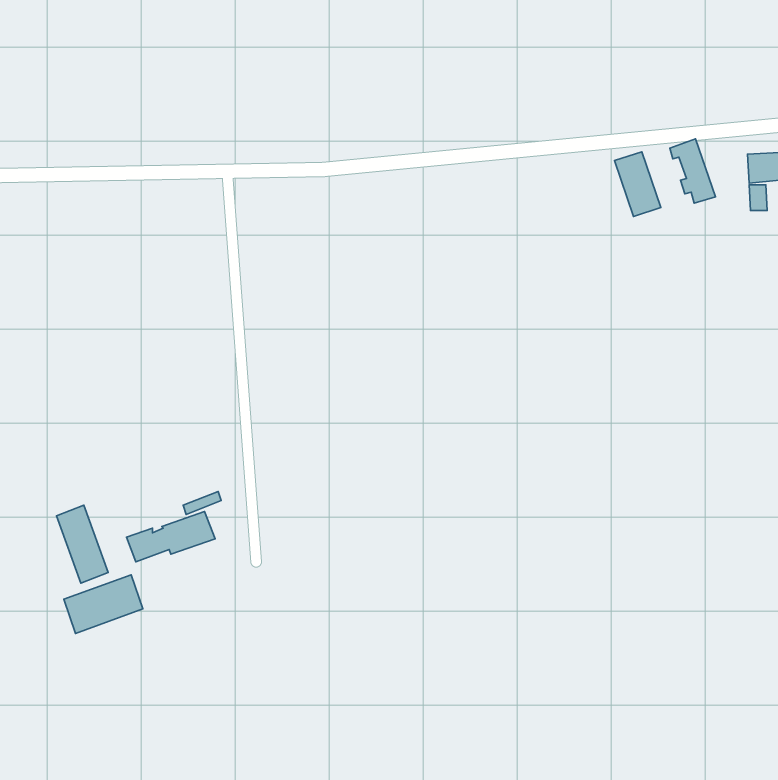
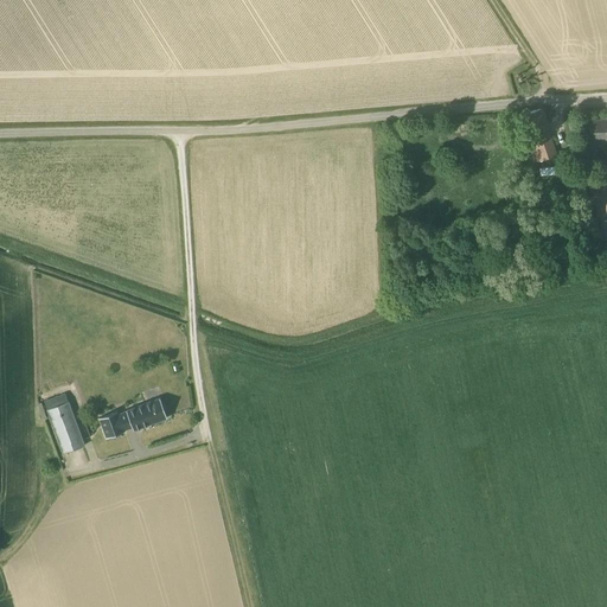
building: [614,152,661,216] -> none
building: [64,575,143,633] -> none

